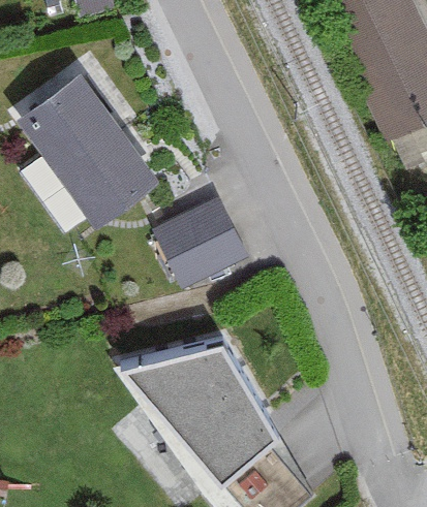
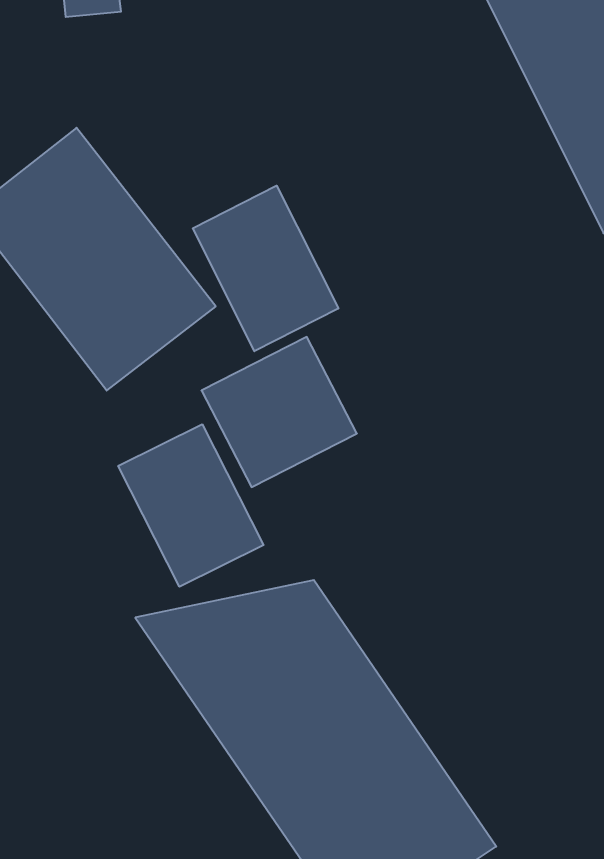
building: none -> [193,186,338,351]
building: none -> [118,424,264,587]

